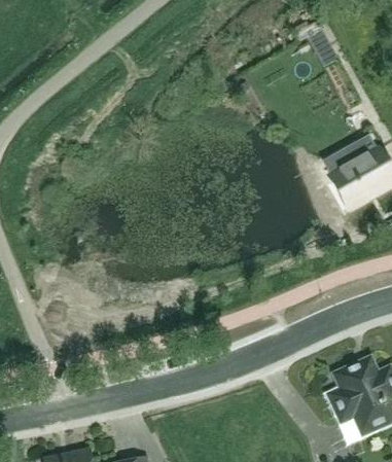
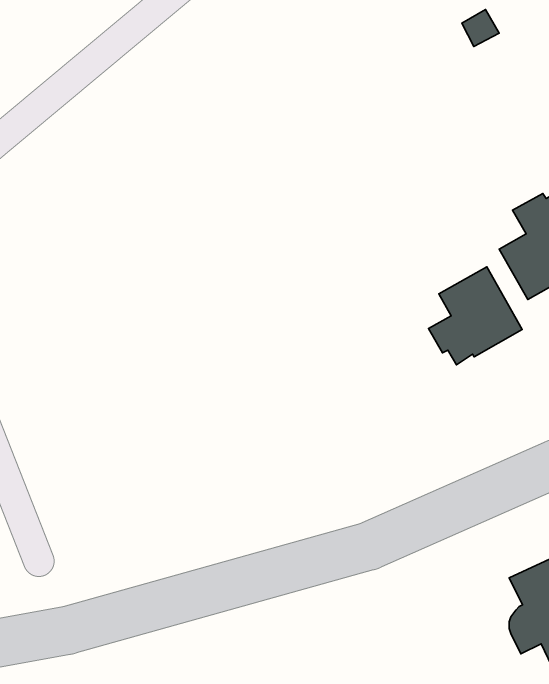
building: none -> [429,267,522,365]

